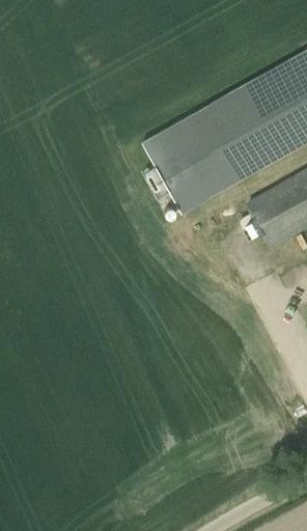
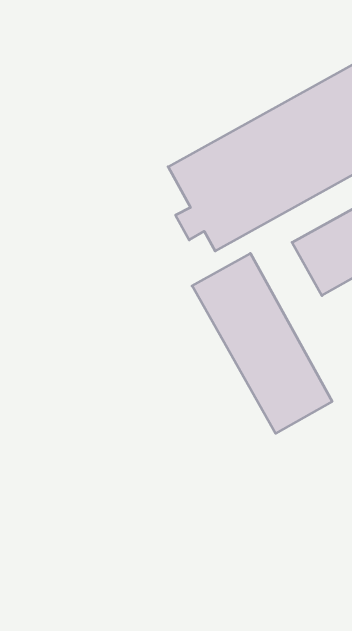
building: none -> [192,253,332,433]

